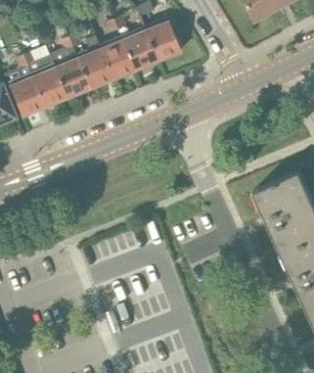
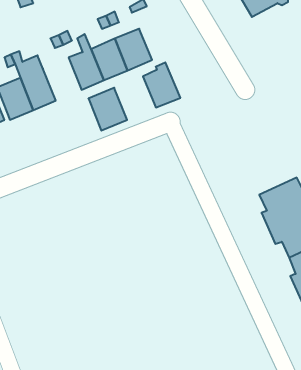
building: [145,16,181,59] -> [143,62,180,107]
building: [53,57,90,98] -> [88,88,127,131]

